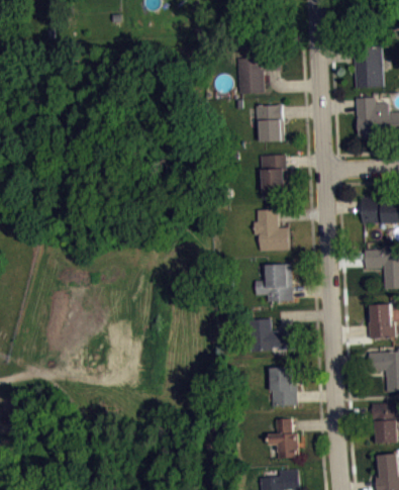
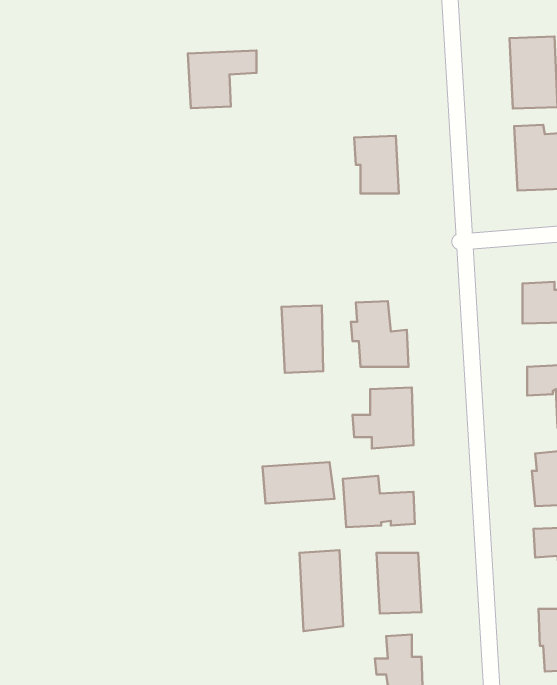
building: [237,57,281,93] -> [188,50,257,108]
building: [261,155,287,197] -> [282,305,323,373]
building: none -> [262,462,335,503]
building: none -> [300,550,343,631]

